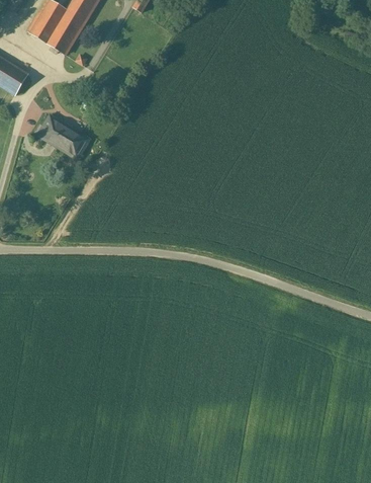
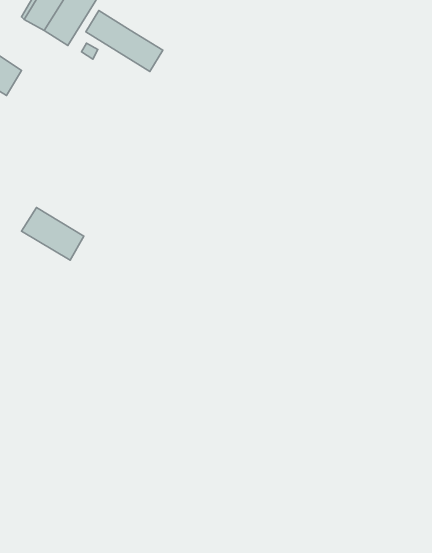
building: none -> [86,11,163,71]
building: [37,115,88,158] -> [21,208,84,260]

